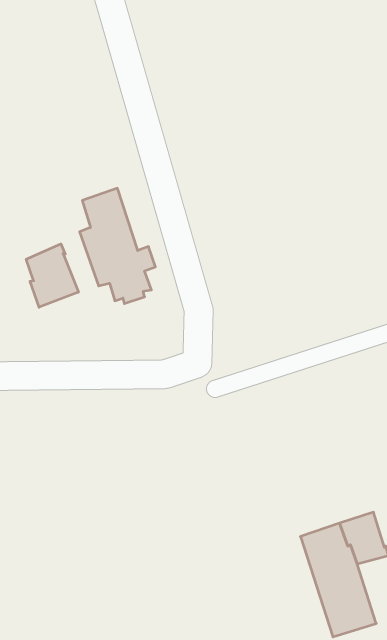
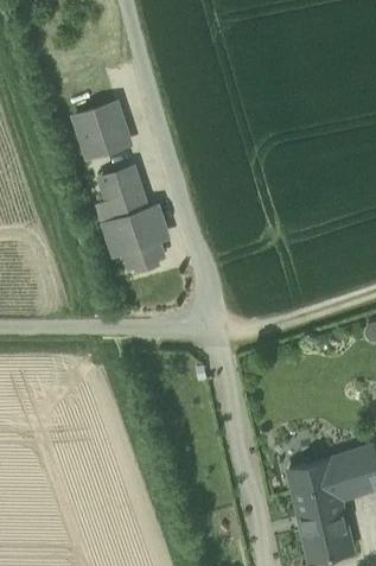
building: none -> [72,106,126,159]
building: [26,244,78,307] -> none

